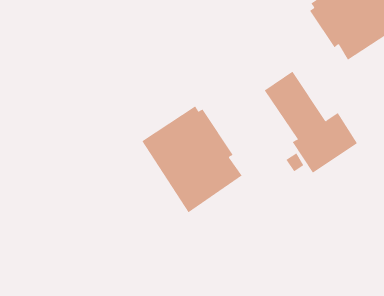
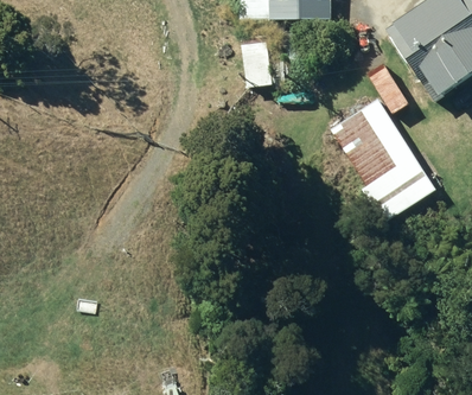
building: [141,105,243,213] -> none

